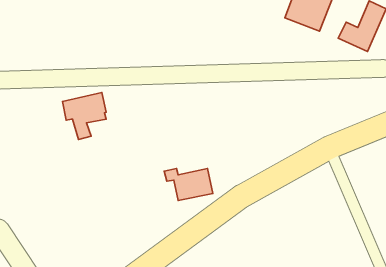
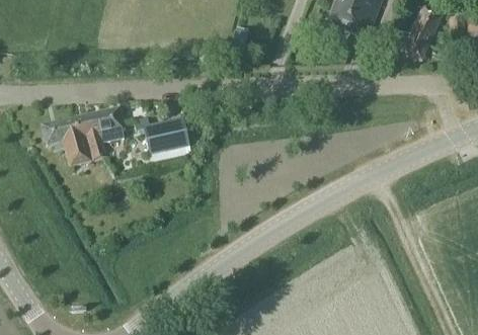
building: none -> [43,118,92,167]
building: [164,169,213,201] -> [134,119,189,156]

